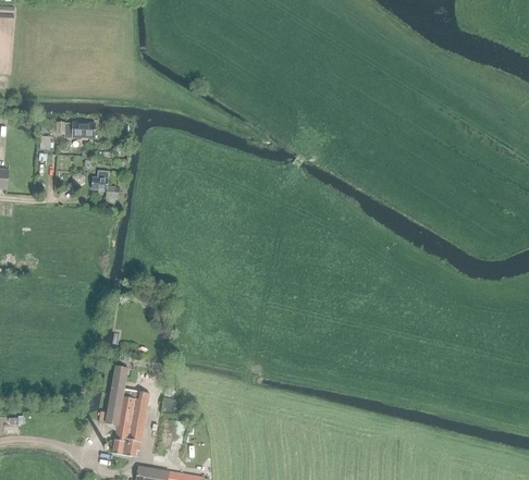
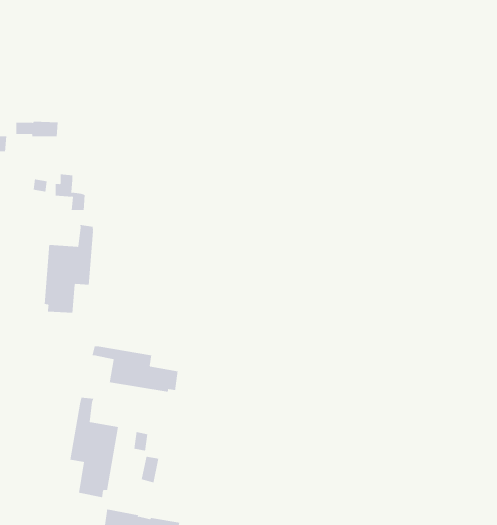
building: none -> [44,224,93,314]
building: none -> [92,345,178,393]

